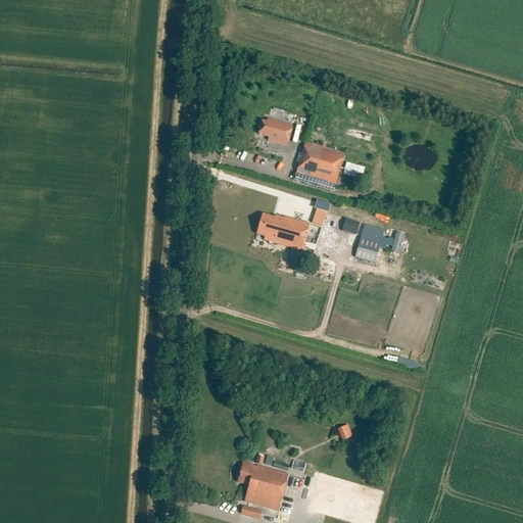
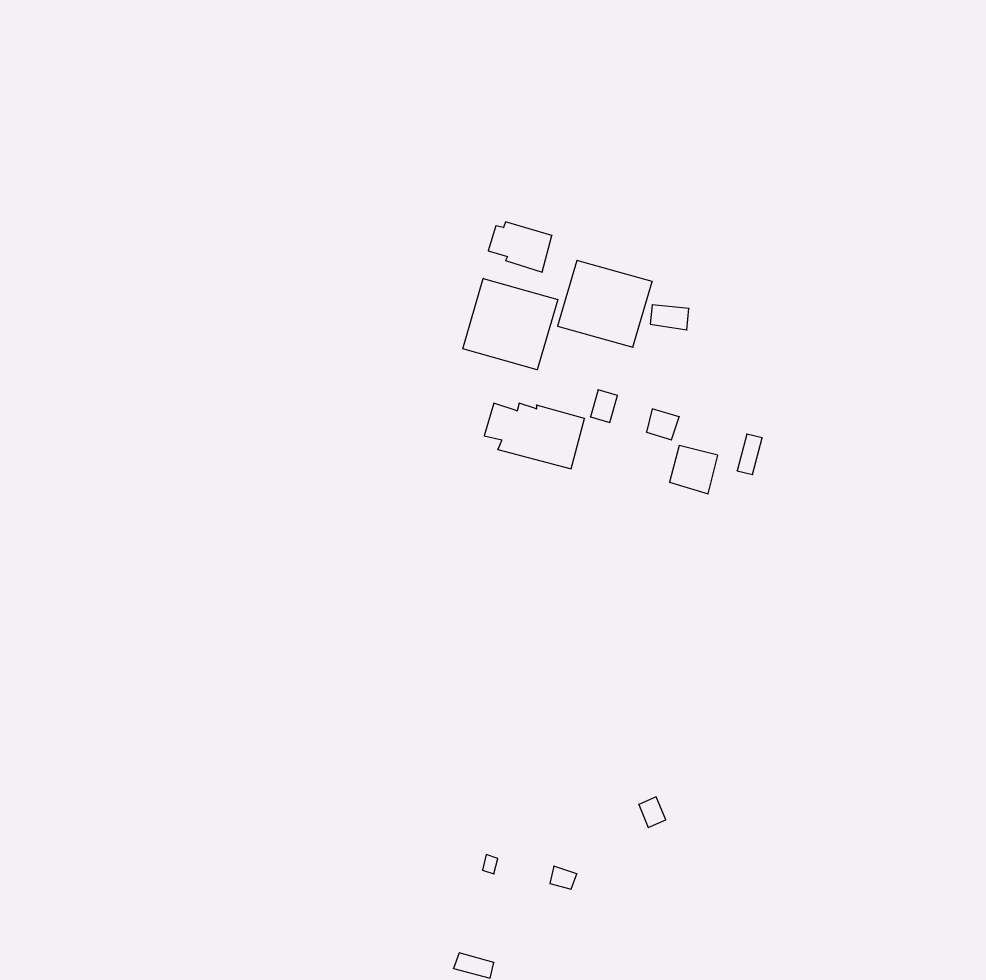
building: none -> [463,278,558,370]
building: [238,460,289,509] -> none

